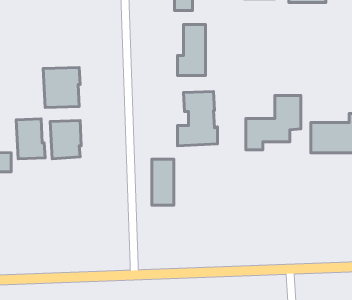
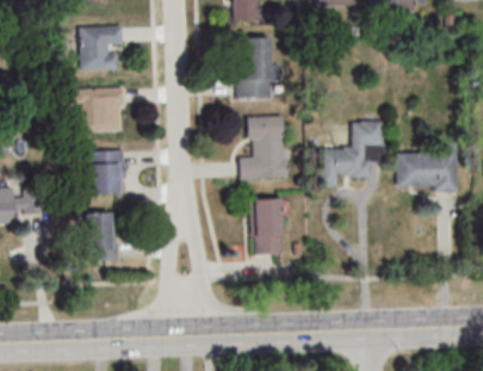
building: none -> [76,25,122,70]
building: [16,119,45,159] -> [83,214,118,261]
building: [152,159,174,205] -> [255,198,281,253]

